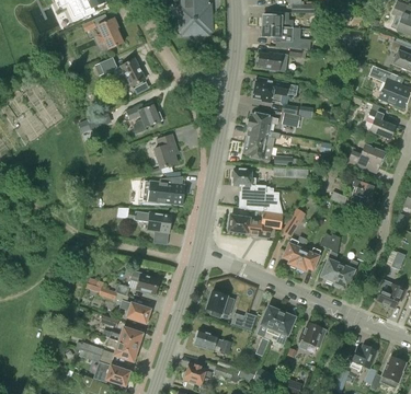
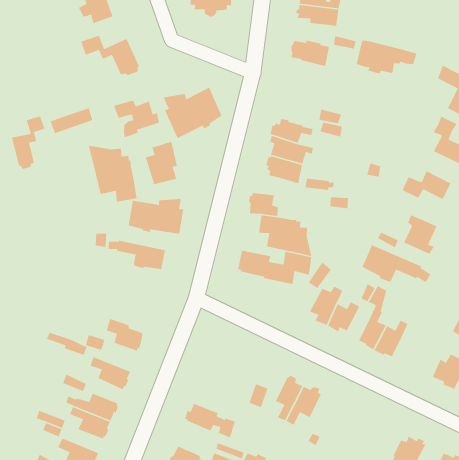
building: [252,78,298,103] -> [356,40,417,74]
building: none -> [163,87,223,139]
building: none -> [11,115,45,170]
building: none -> [88,145,138,203]
building: none -> [361,244,431,283]
building: [206,290,235,318] -> none
building: [299,323,327,349] -> none

